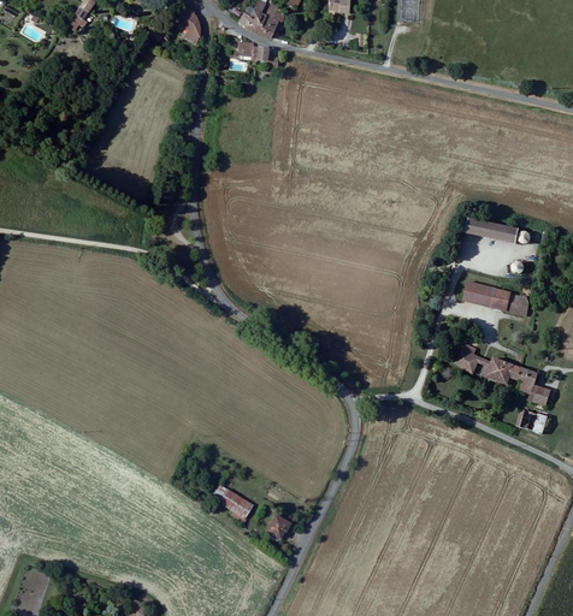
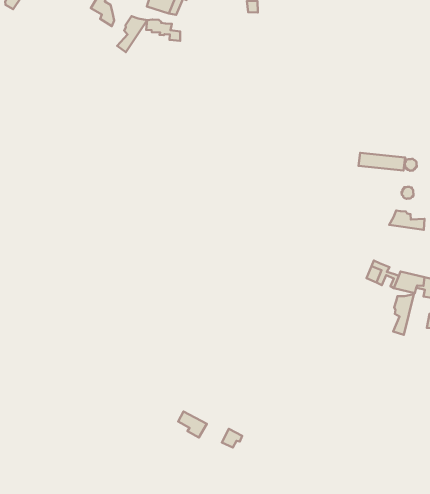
building: none -> [117,16,147,52]
building: [461,279,496,303] -> none
building: none -> [393,294,414,335]

